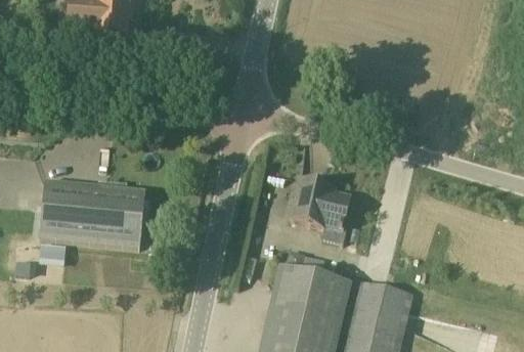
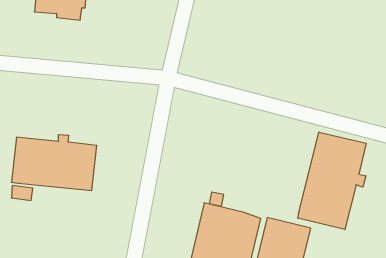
building: none -> [298,132,366,230]
building: [292,180,350,241] -> none

